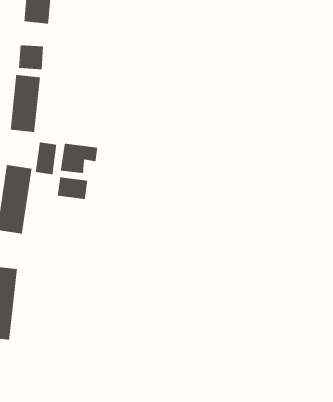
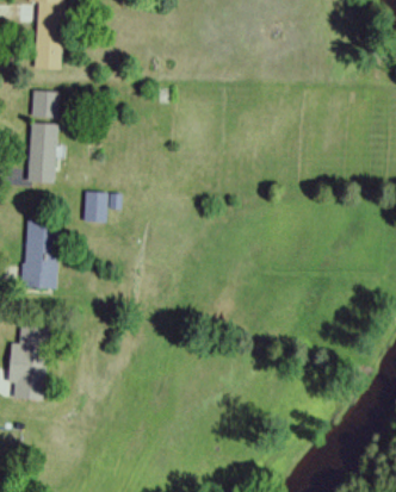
building: [35,142,57,175] -> none
building: [57,176,88,200] -> none

